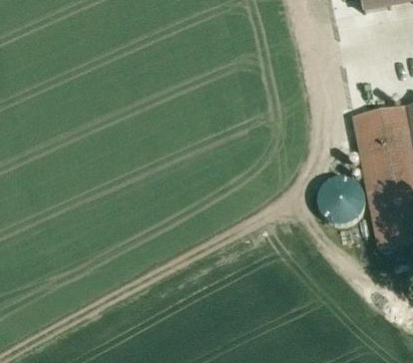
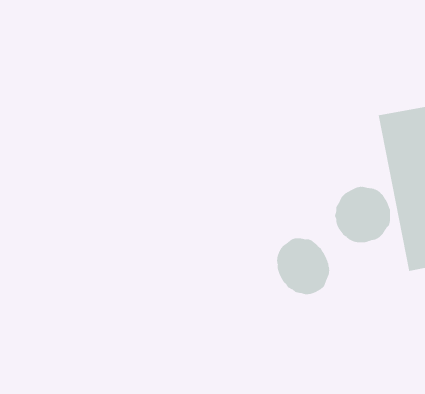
building: none -> [277,238,330,295]

